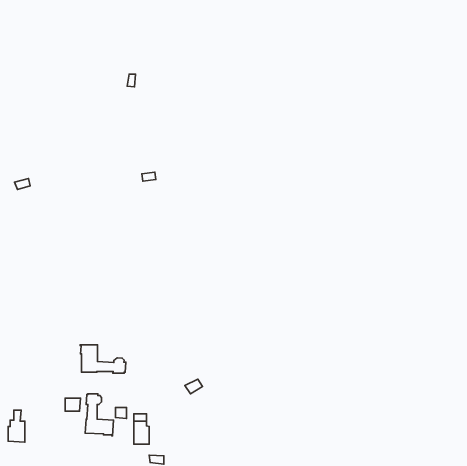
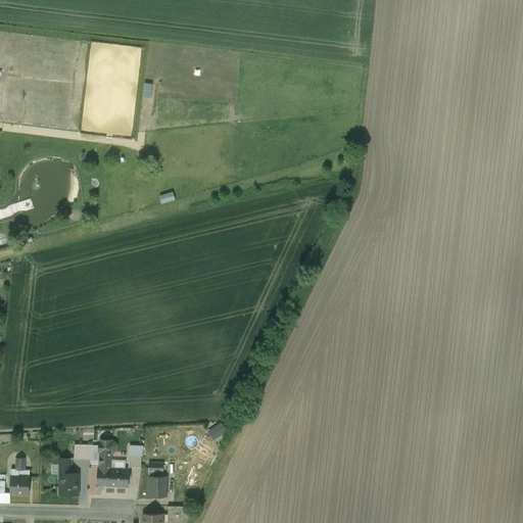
building: [80,345,126,373] -> none
building: none -> [58,460,78,496]

